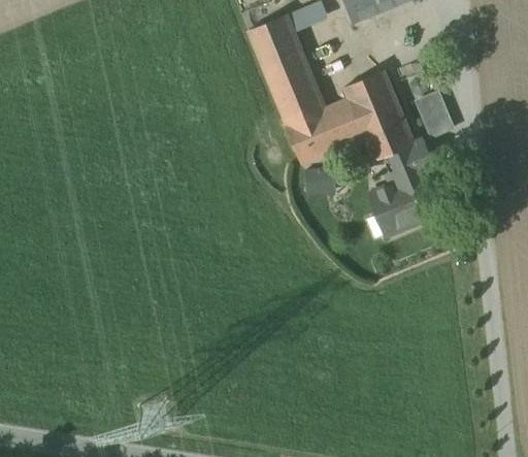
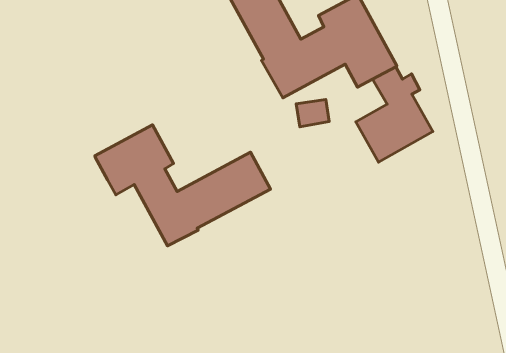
building: [416,91,451,135] -> none
building: none -> [95,125,270,246]

